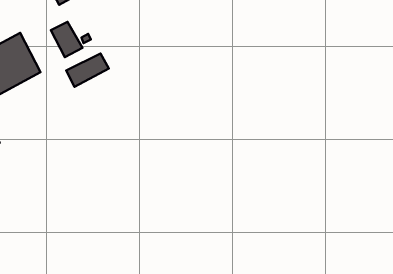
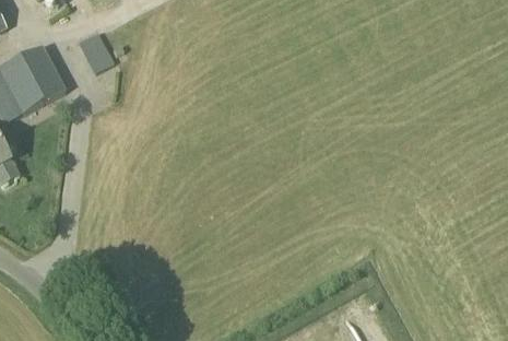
building: [66,54,109,87] -> none

